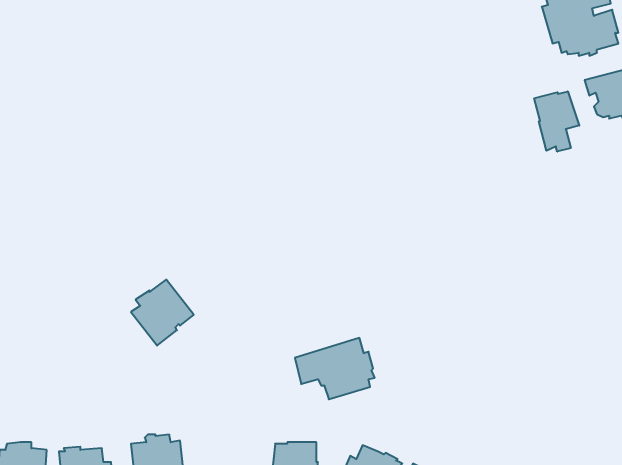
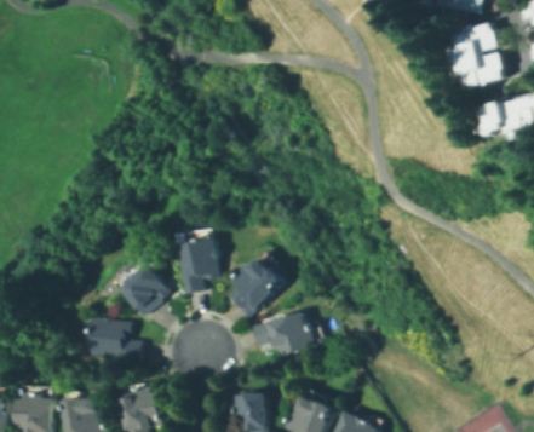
building: [534,91,579,152] -> none
building: none -> [174,238,217,294]
building: none -> [224,257,282,318]
building: none -> [85,316,139,361]

